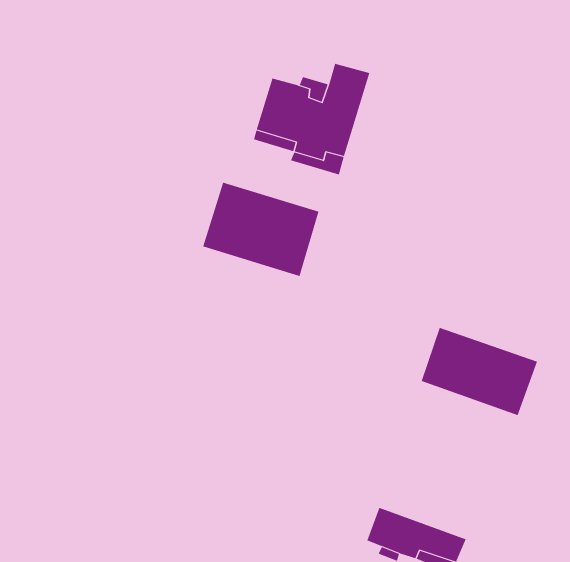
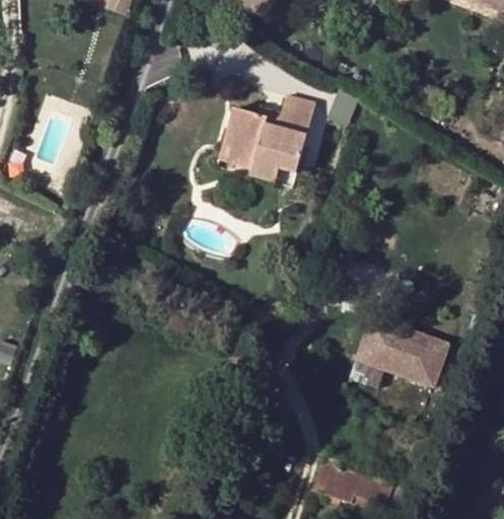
building: [202,182,319,277] -> none

